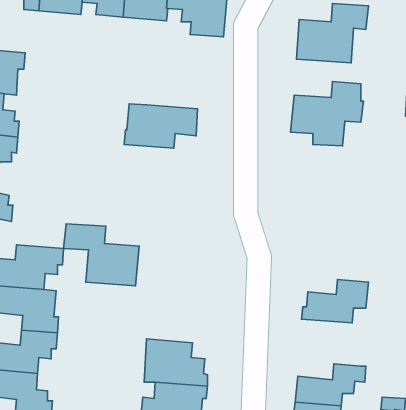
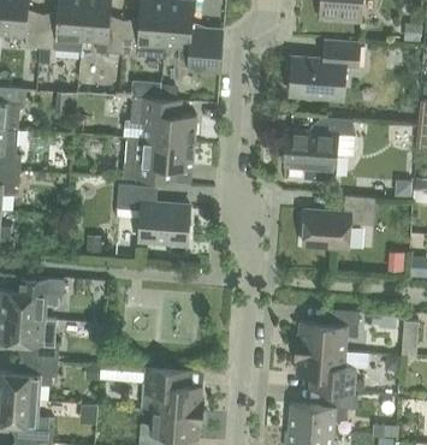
building: none -> [124,97,196,143]
building: none -> [302,196,375,249]
building: [64,224,139,286] -> [117,184,190,244]
building: none -> [293,348,355,393]

